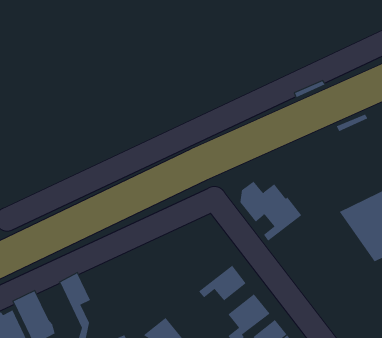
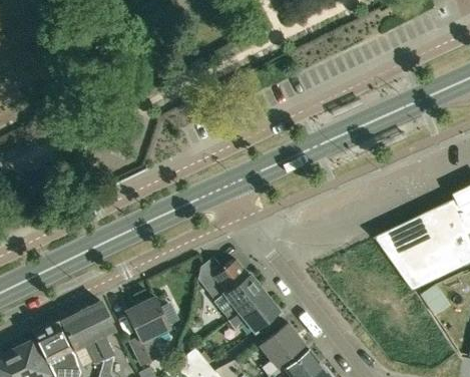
building: [239,181,302,242] -> [197,257,264,321]
building: none -> [125,297,169,365]
building: none -> [60,311,104,364]

